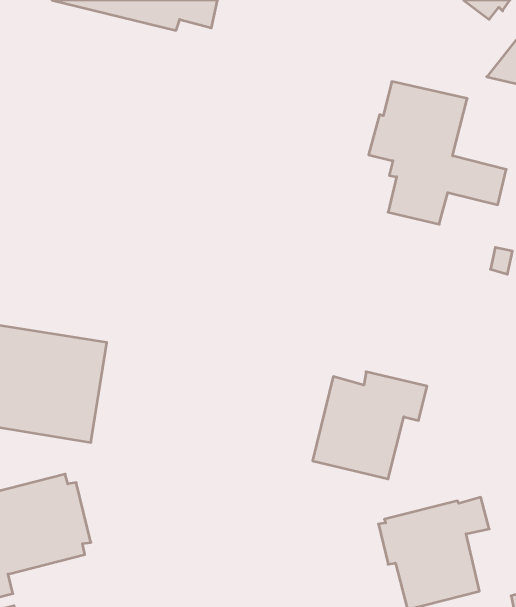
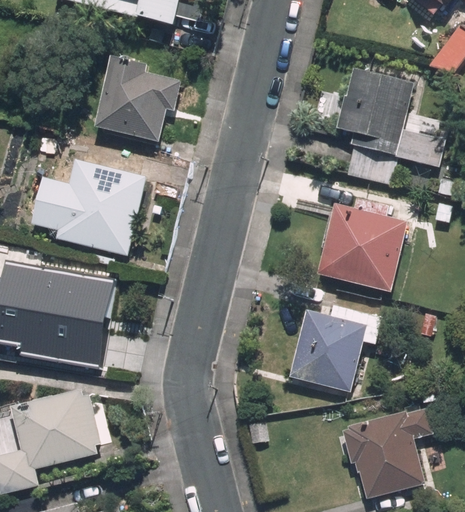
building: none -> [95,53,184,141]
building: none -> [37,157,149,255]
building: none -> [311,199,404,294]

